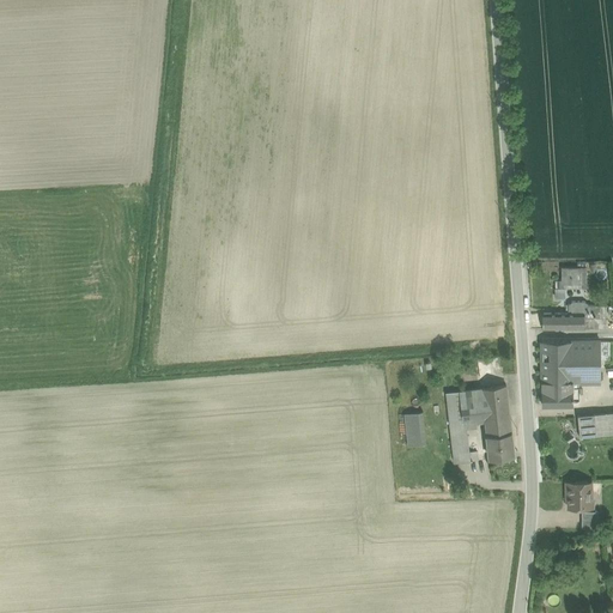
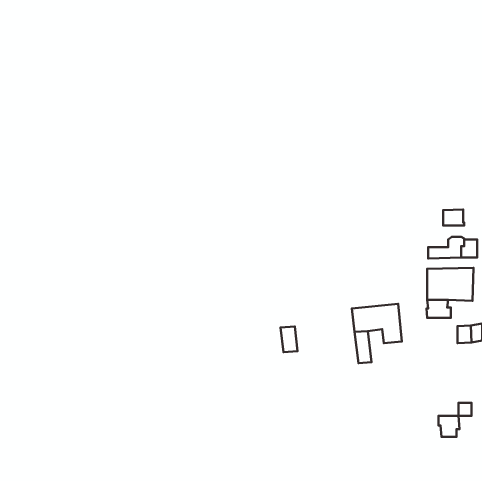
building: [403,414,425,447] -> [281,327,298,352]
building: [486,435,512,459] -> none
building: [565,482,591,509] -> [439,416,459,437]

